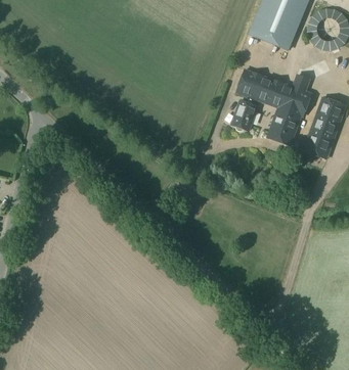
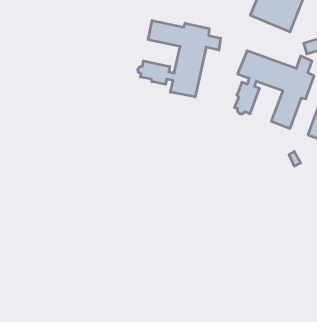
building: none -> [138,20,221,97]

